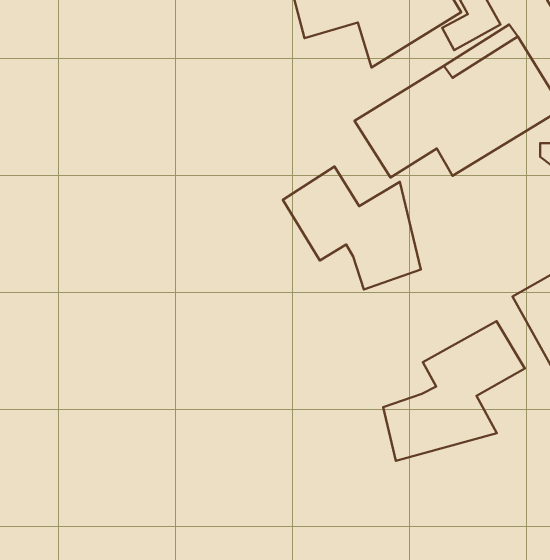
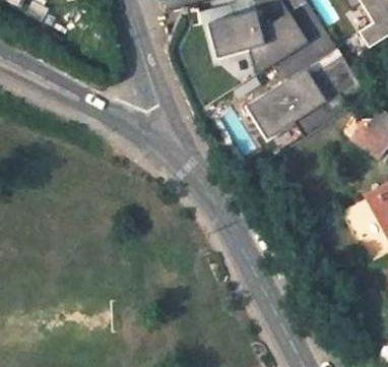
building: [283,166,421,289] -> none
building: [383,321,525,461] -> none

